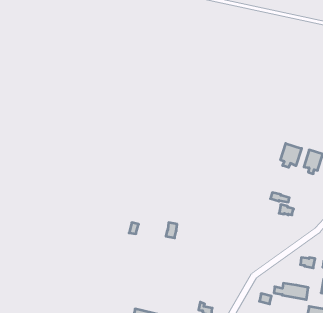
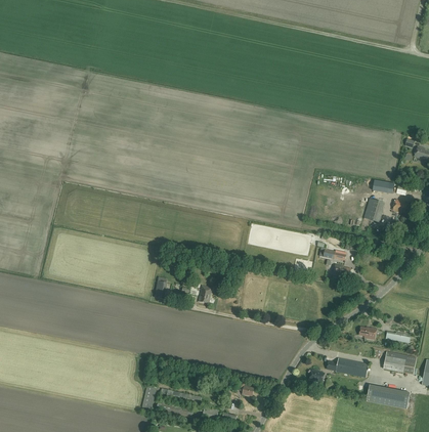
building: [281,143,302,167] -> none

